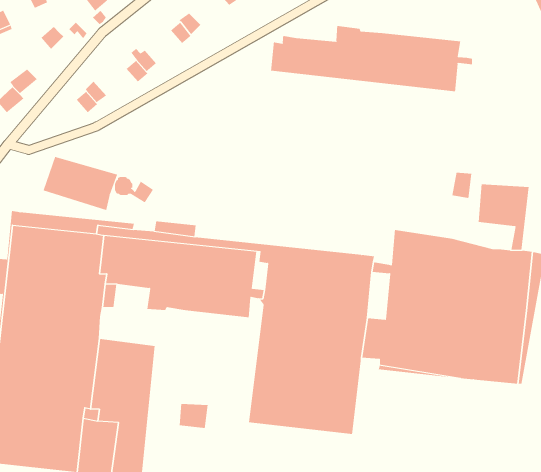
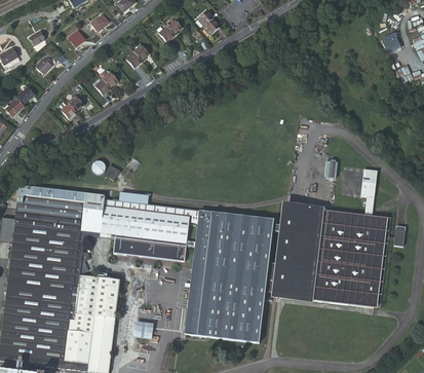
building: [271,25,472,92] -> none
building: [43,156,118,211] -> none

